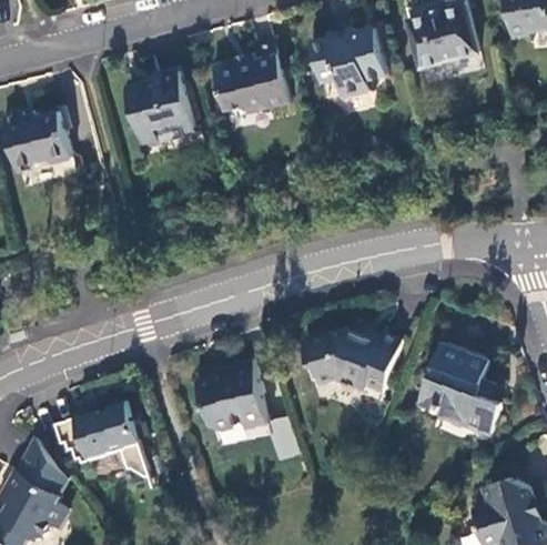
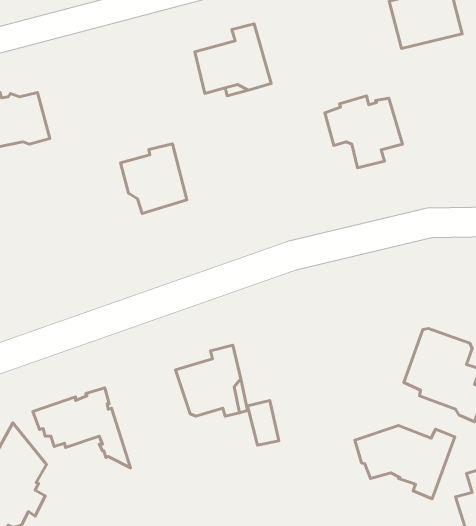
building: [310,27,386,98] -> [325,96,402,168]
building: [128,73,193,142] -> [121,144,187,213]
building: [303,331,402,403] -> [355,426,455,499]

